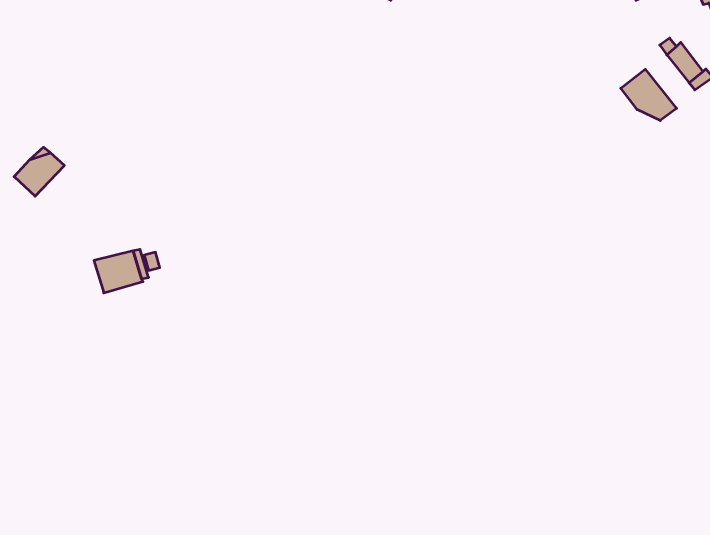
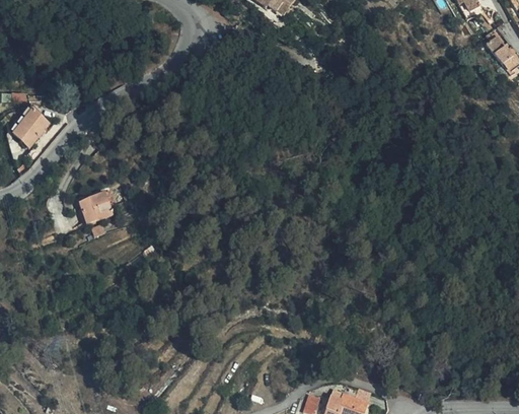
building: [621,69,677,121] -> none

